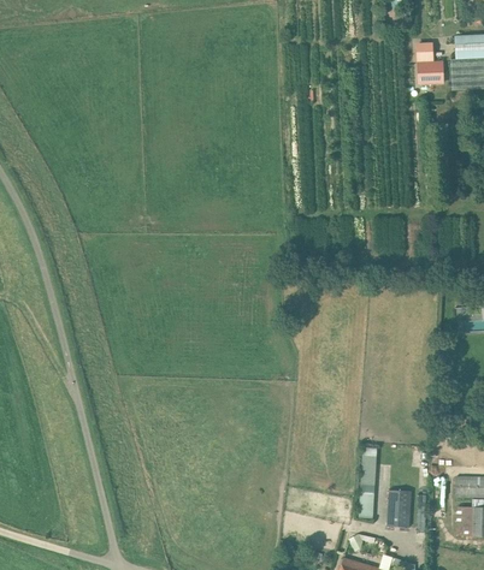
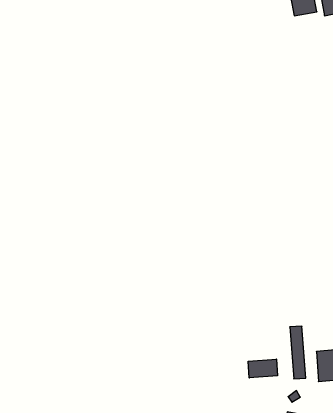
building: none -> [248,359,277,378]

